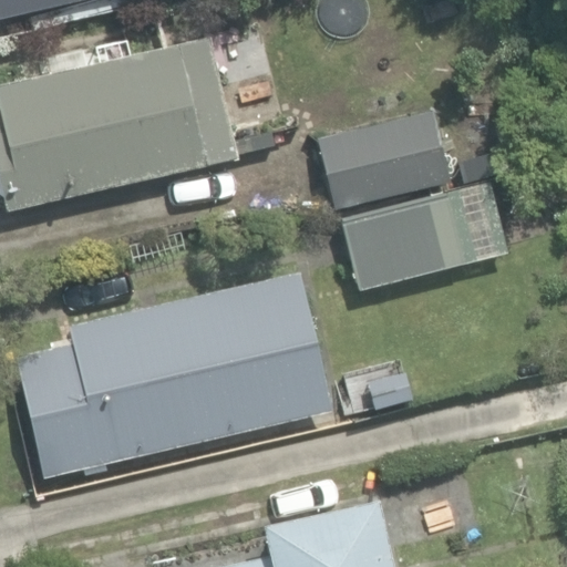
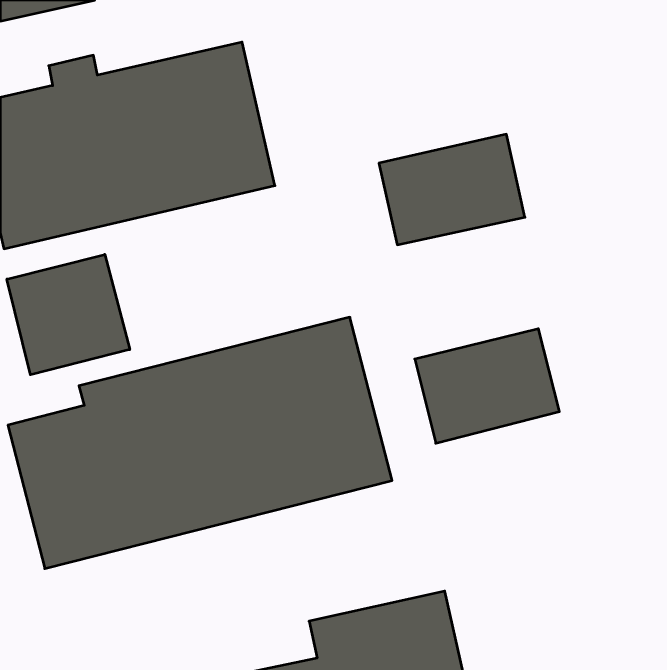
building: [343,196,465,292] -> [415,329,559,443]
building: none -> [7,254,130,375]

